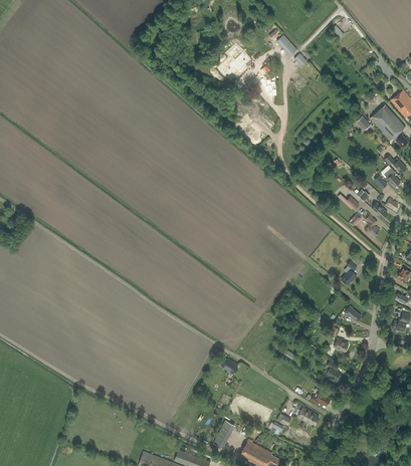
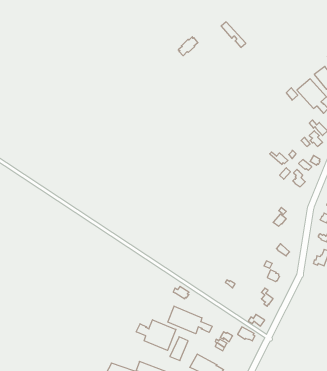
building: none -> [168,306,212,334]
building: none -> [136,320,176,350]

